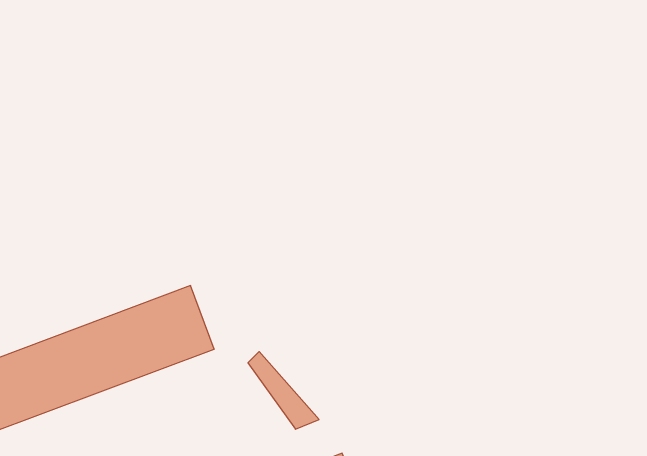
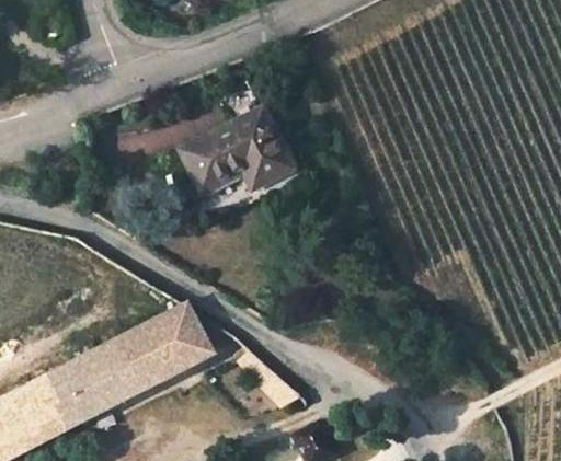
building: none -> [186,120,293,194]

